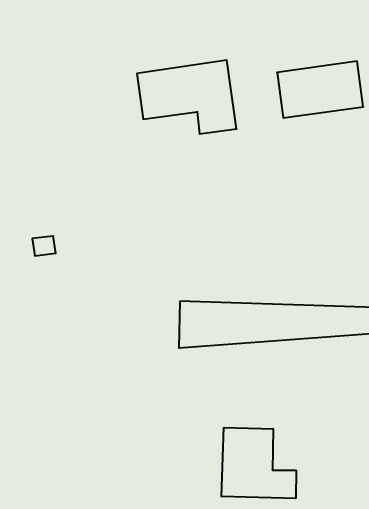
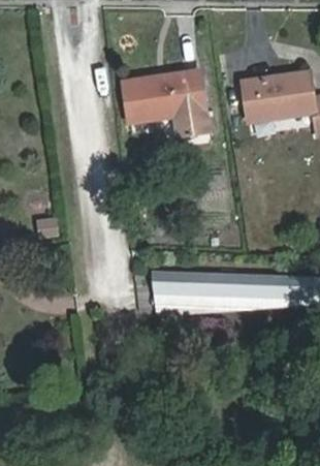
building: [221,428,296,498] -> none

